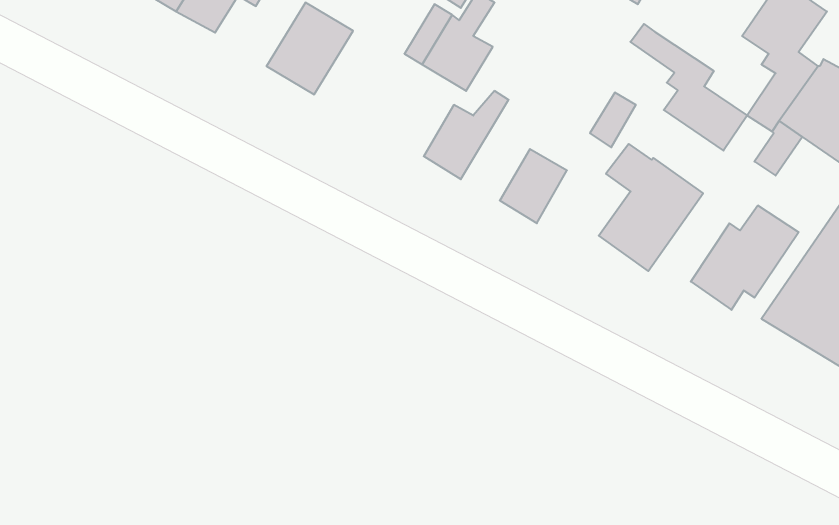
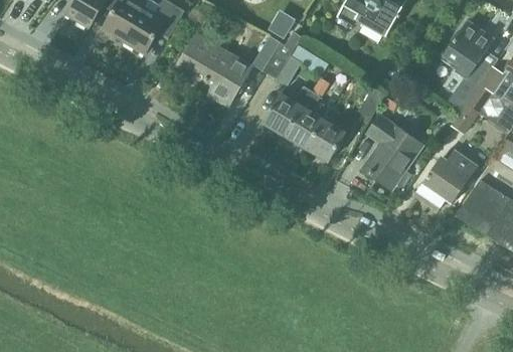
building: [630,24,747,151] -> none
building: none -> [200,51,249,104]
building: none -> [284,91,323,148]

